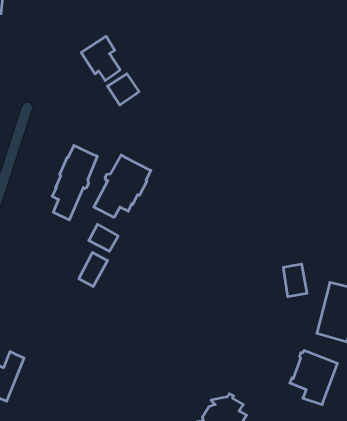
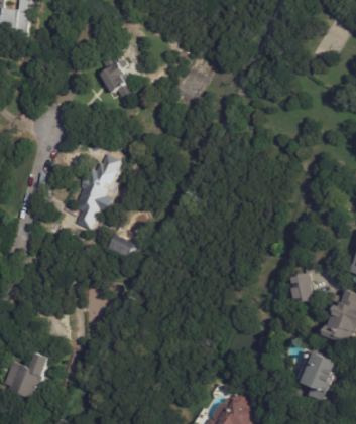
building: [107,74,139,105] -> none
building: [94,155,151,217] -> none
building: [79,252,108,287] -> none

